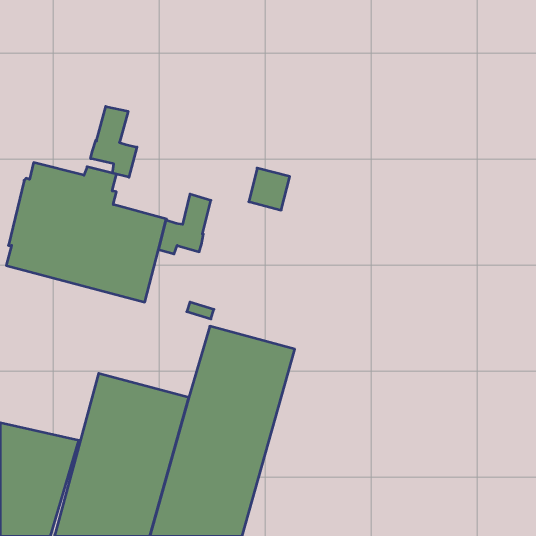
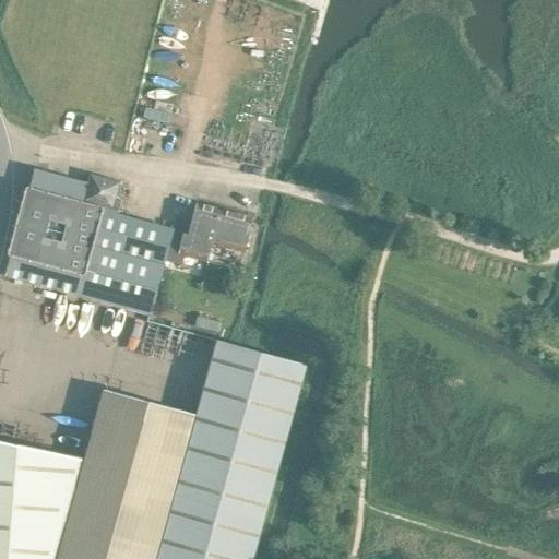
building: [91,106,137,177] -> none
building: [249,168,290,210] -> [211,209,253,252]

